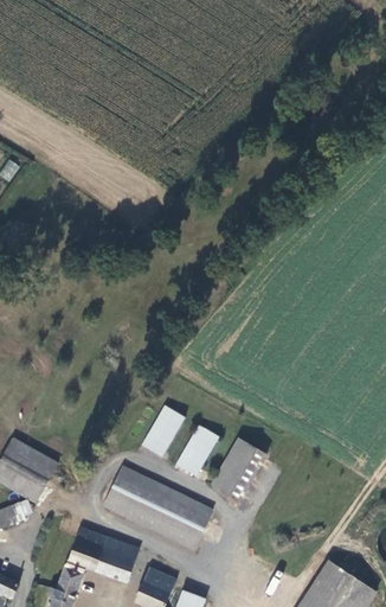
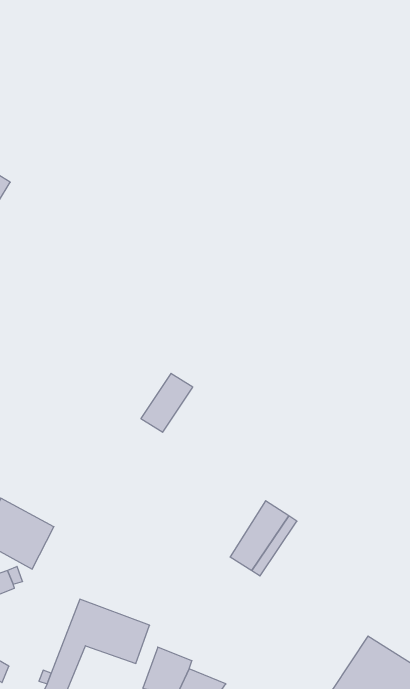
building: [141,405,186,456] -> [141,373,193,432]
building: [176,427,223,478] -> none
building: [103,468,211,549] -> none

